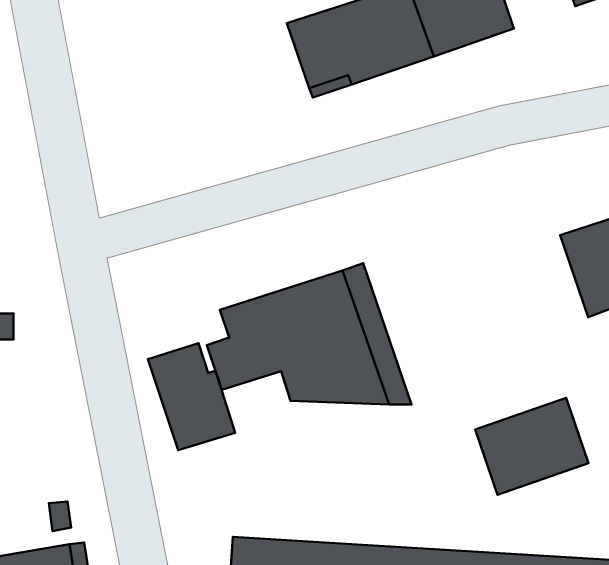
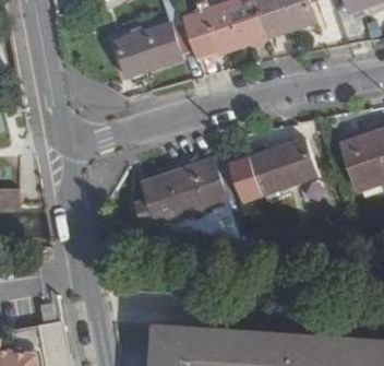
building: none -> [112,25,179,79]
building: [148,343,235,450] -> none
building: [475,398,589,495] -> [248,141,314,198]

